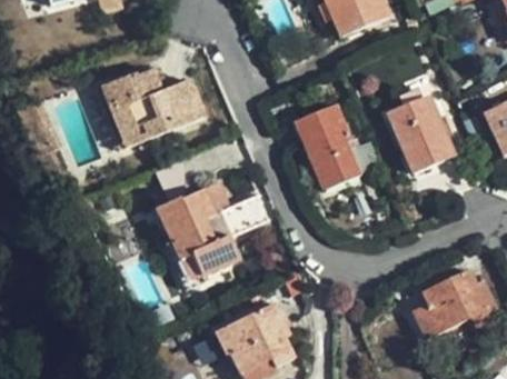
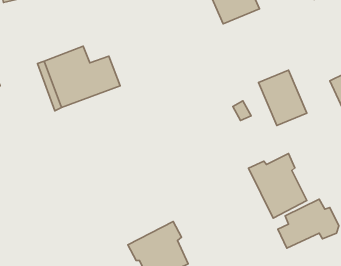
building: [295,104,360,189] -> none
building: [153,190,245,290] -> none
building: none -> [249,154,307,218]

